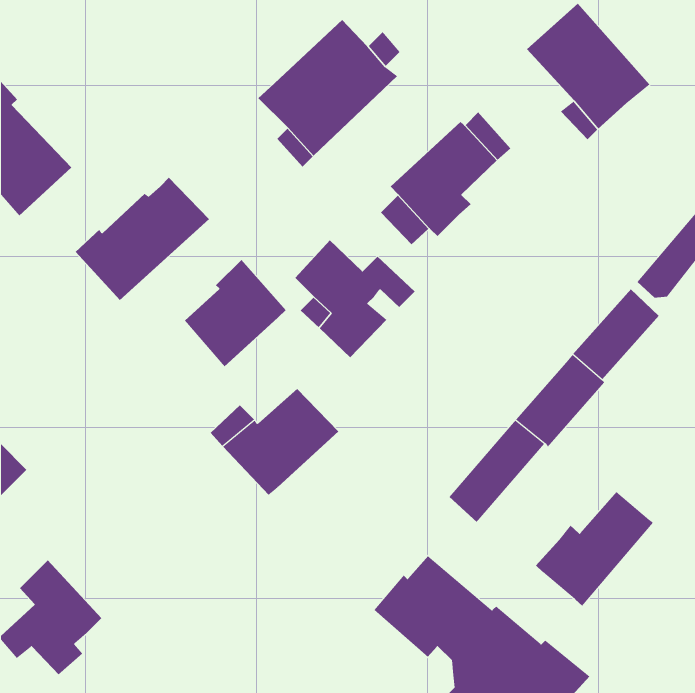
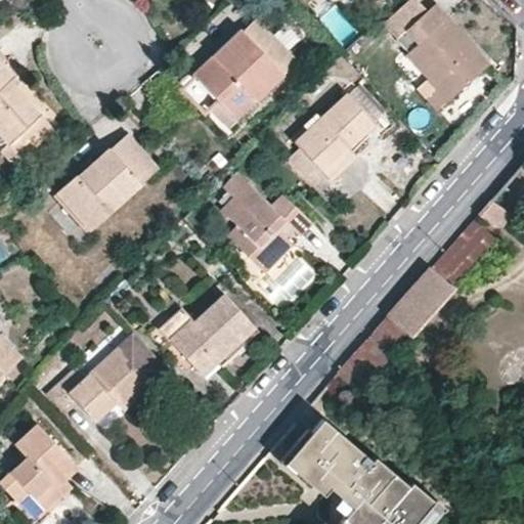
building: [184,259,287,367] -> none
building: none -> [47,335,165,421]
building: [535,491,654,607] -> none

